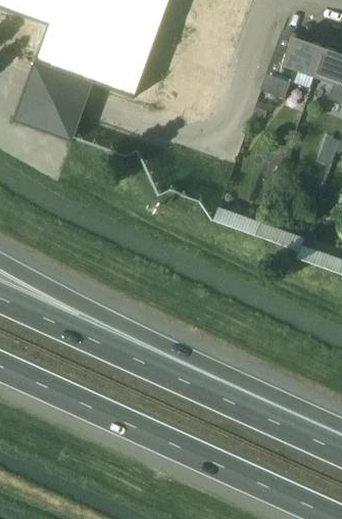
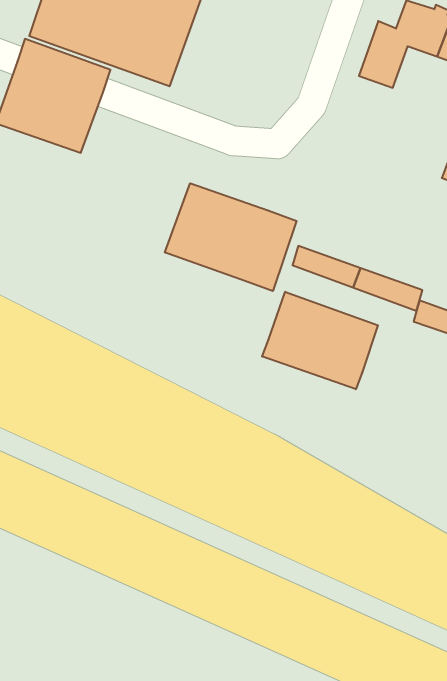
building: none -> [165,183,297,291]
building: none -> [262,292,378,389]

